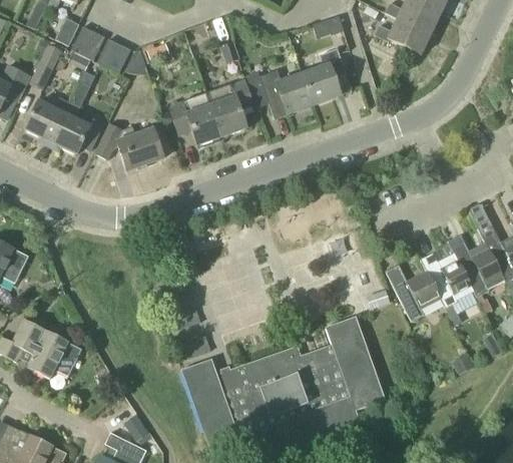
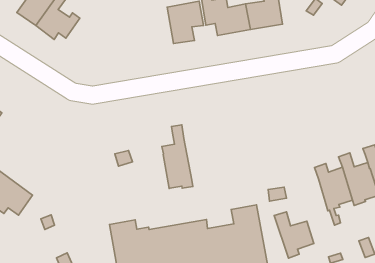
building: [168,93,221,145] -> none
building: [96,124,163,170] -> none
building: none -> [162,125,193,189]
building: [385,265,439,321] -> [274,212,314,258]

